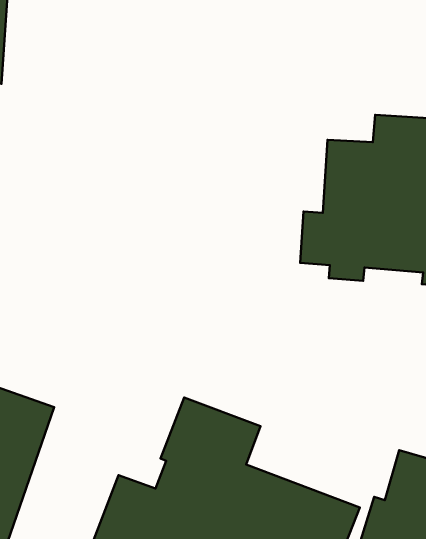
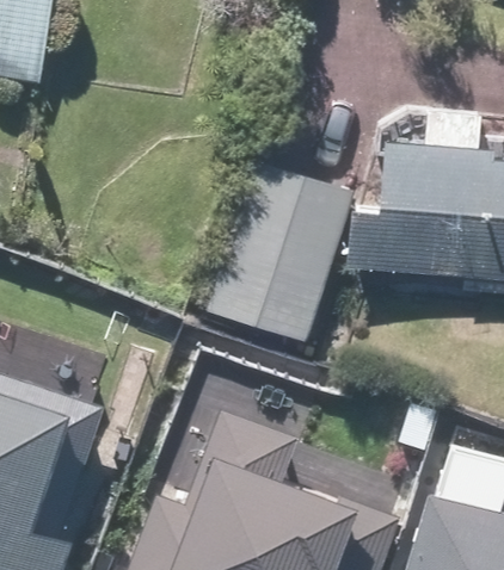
building: none -> [204,162,350,342]

